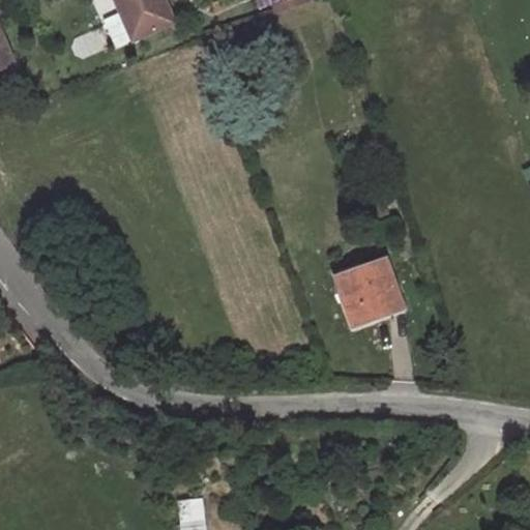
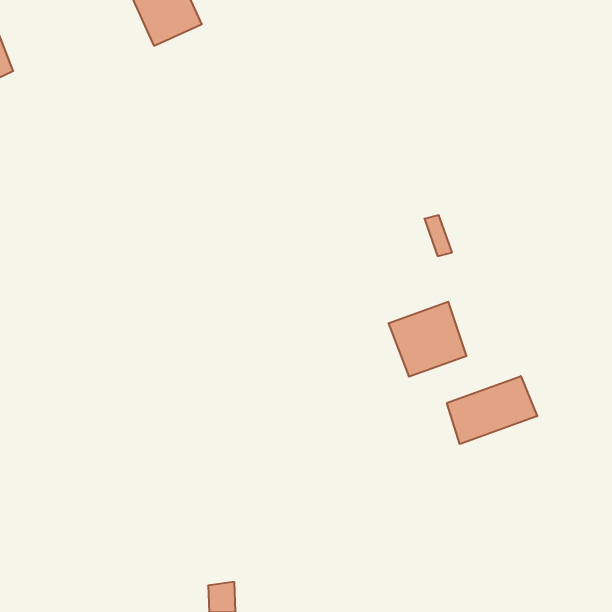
building: none -> [447,376,537,444]

